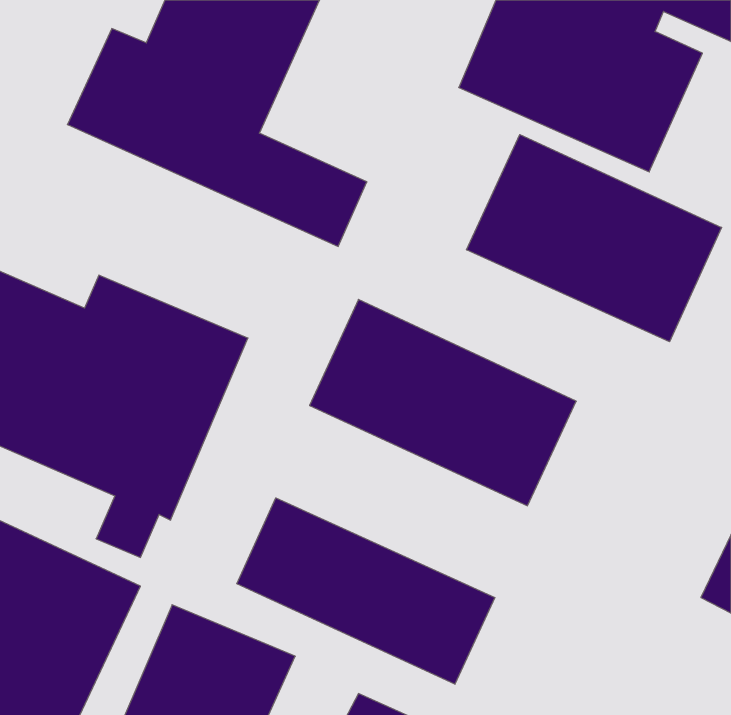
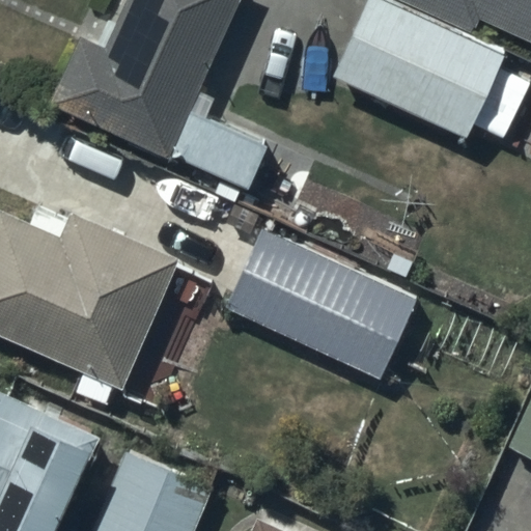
building: [467,135,722,342] -> none
building: [237,498,495,684] -> none

